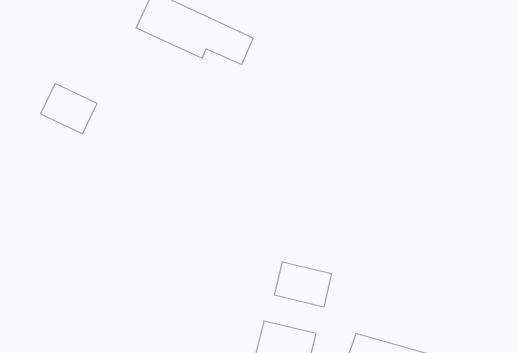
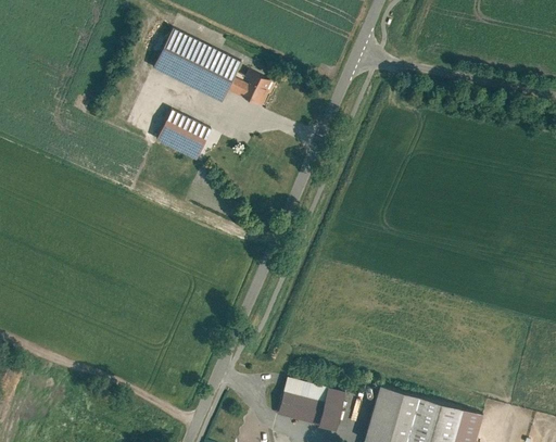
building: [41,84,97,134] -> [153,110,212,162]
building: [275,262,332,307] -> none

